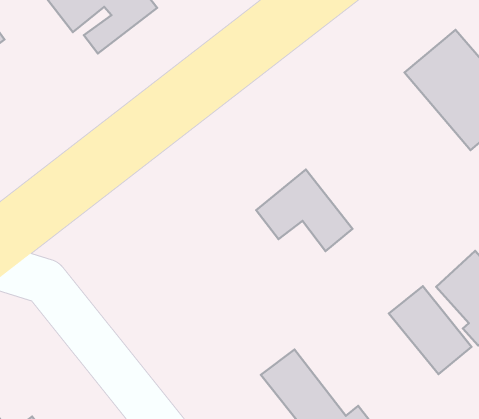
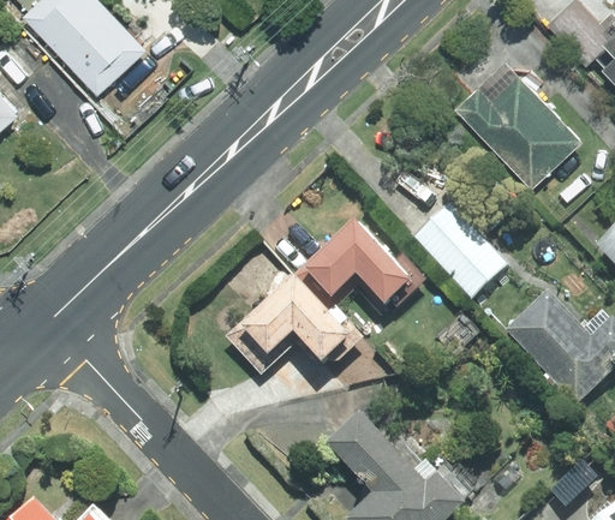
building: none -> [225,276,350,373]
building: [389,286,471,374] -> [413,204,504,297]

